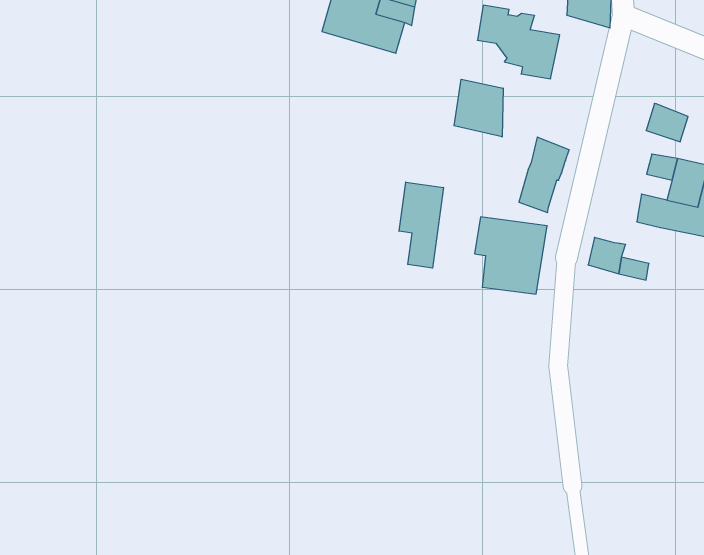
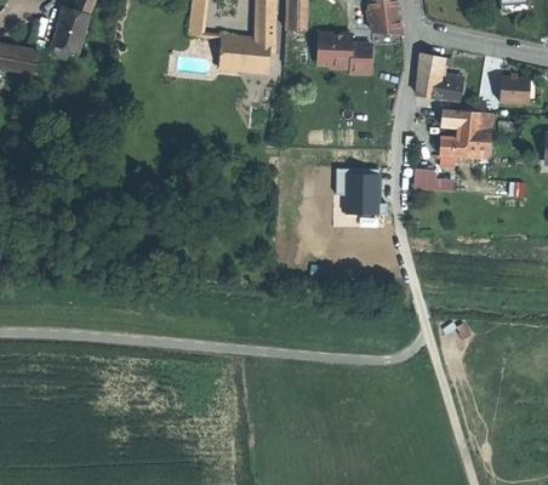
building: [454,79,503,137] -> none
building: [519,137,569,213] -> [416,53,443,101]
building: [399,182,443,268] -> none

